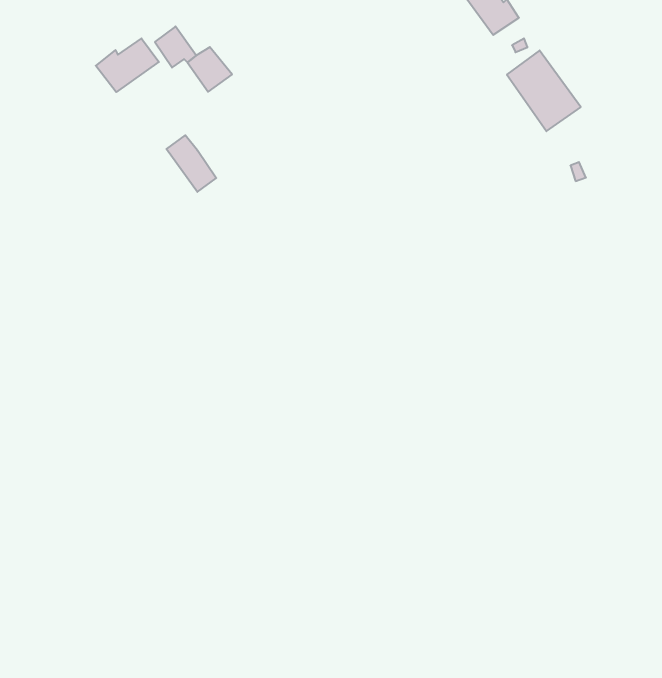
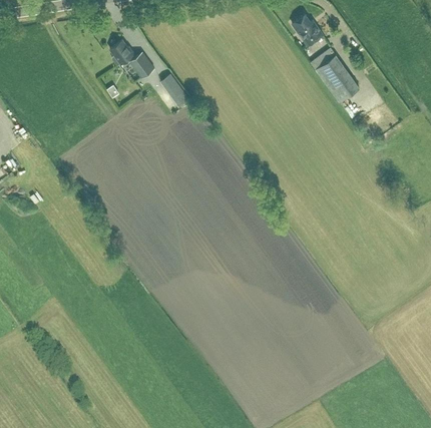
building: [96,38,159,92] -> none
building: [166,135,216,192] -> [159,72,188,105]

